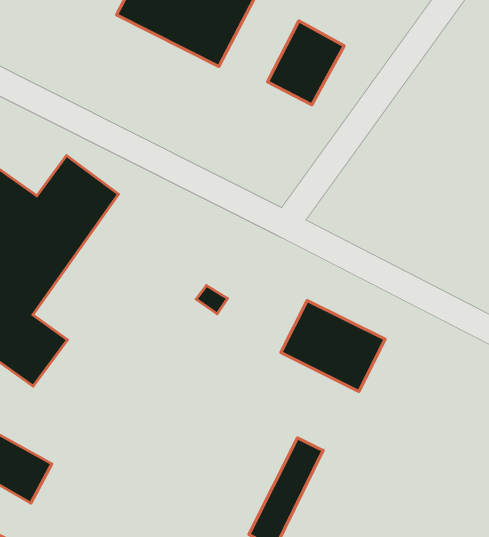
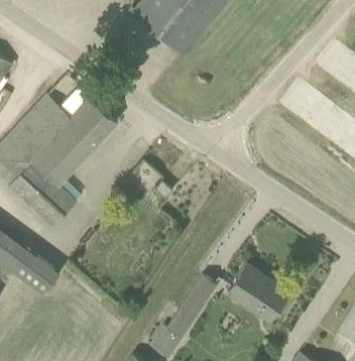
building: [268,21,344,105] -> none
building: [281,300,385,391] -> [229,266,290,323]

